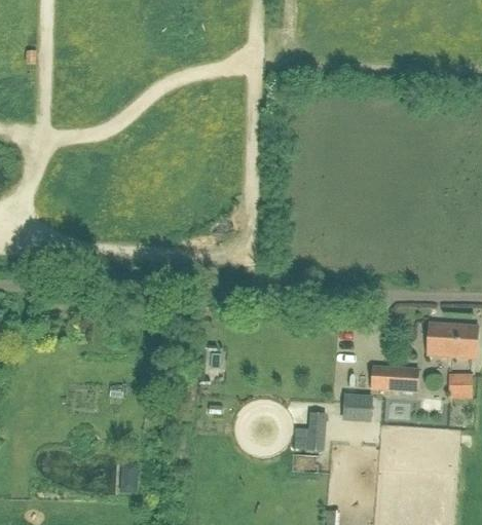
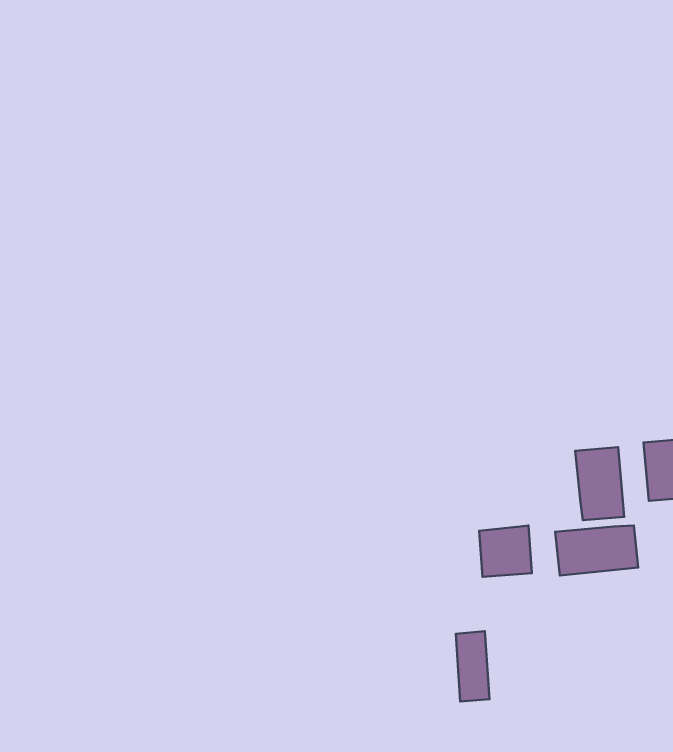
building: none -> [575,447,624,520]
building: [343,395,373,422] -> [479,525,532,577]

